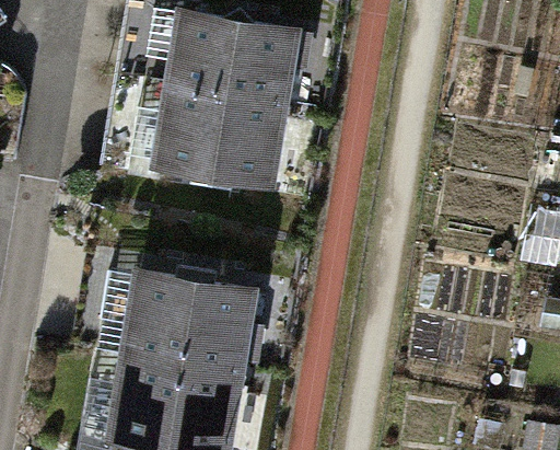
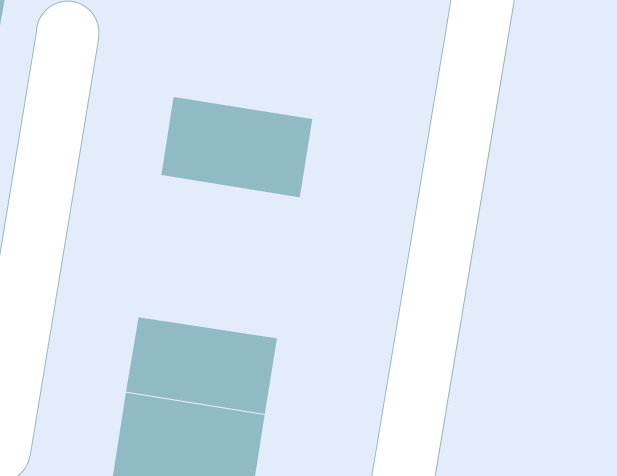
building: [162,14,296,108] -> none

